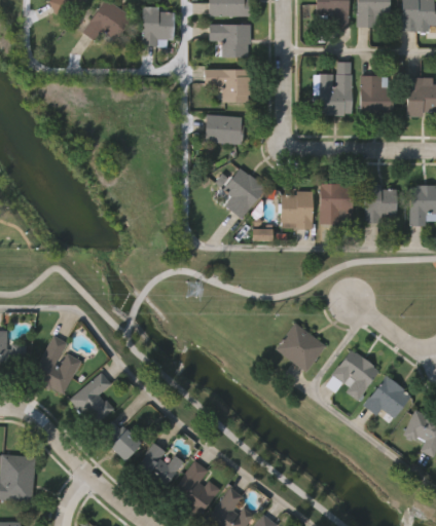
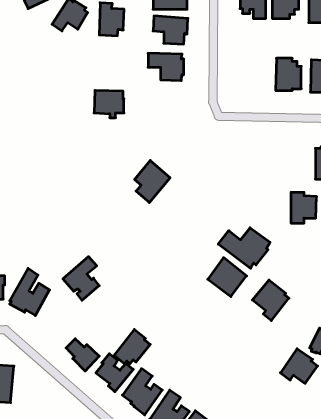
building: [319,62,351,114] -> none
building: [206,115,243,149] -> [94,90,124,118]
building: [222,165,266,218] -> [135,160,170,203]
building: [321,182,352,222] -> none
building: [365,183,397,221] -> [291,192,317,223]
building: [281,191,312,228] -> none
building: none -> [218,228,270,268]
building: [68,370,113,424] -> [63,257,99,300]
building: [365,376,411,419] -> [280,349,318,383]
building: none -> [114,329,150,364]

